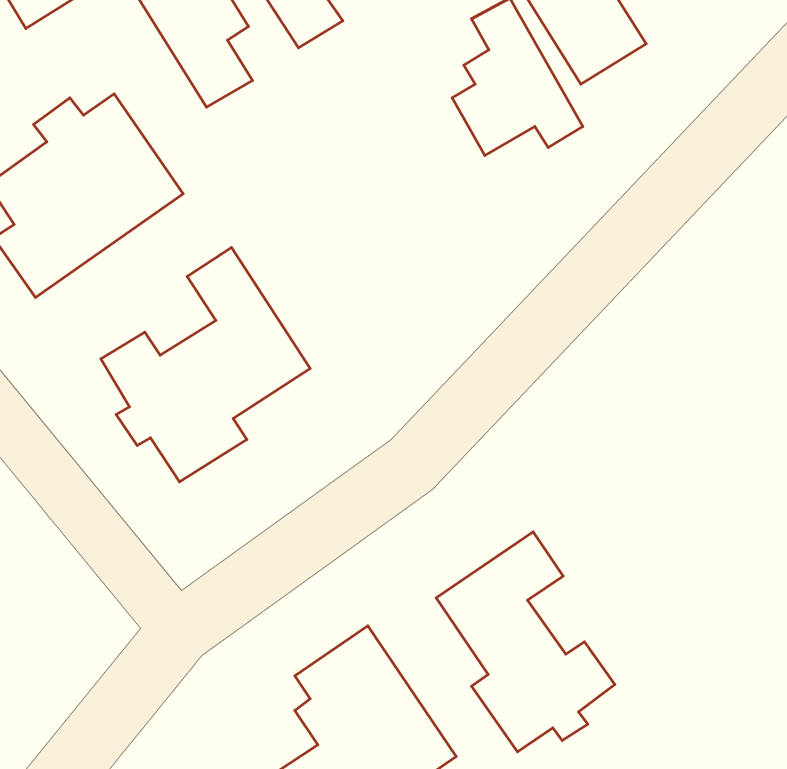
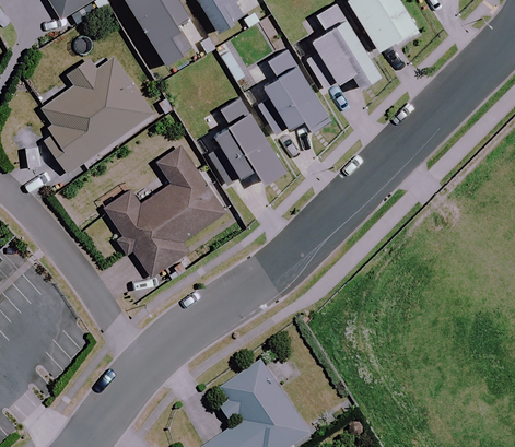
building: none -> [257,48,332,136]
building: none -> [209,96,285,186]
building: [436,532,615,752] -> none

